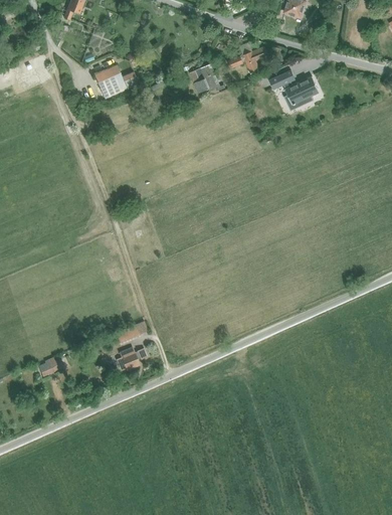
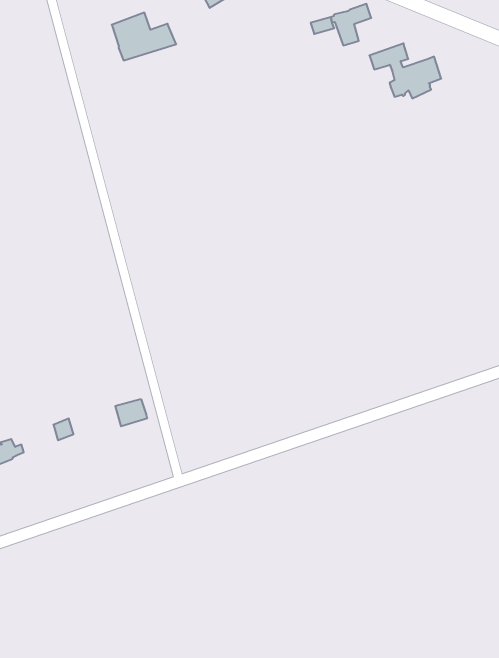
building: [190,63,219,93] -> none
building: [115,345,146,370] -> none

